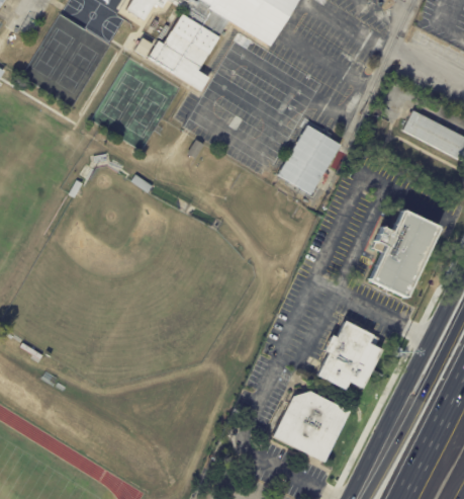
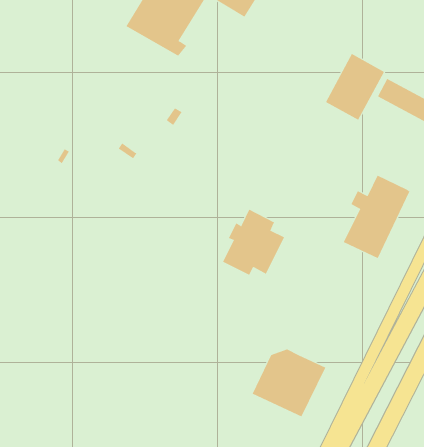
building: [277,124,339,194] -> [325,53,385,121]
building: [321,318,386,387] -> [222,209,285,275]

